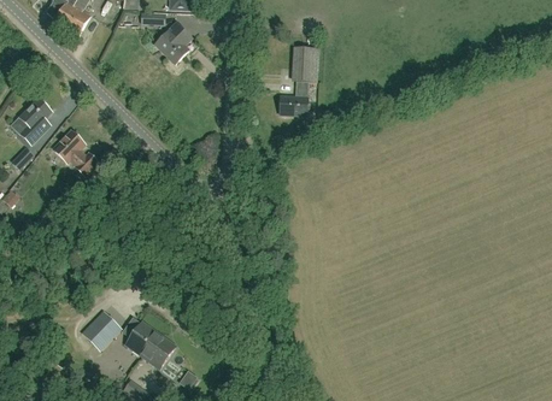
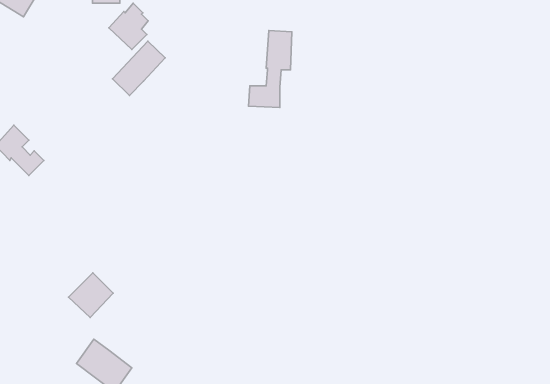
building: none -> [112,41,165,96]
building: [82,311,122,350] -> [68,273,113,317]

